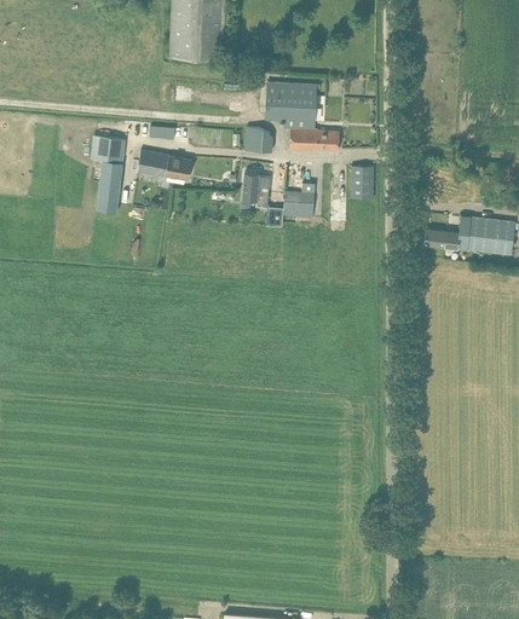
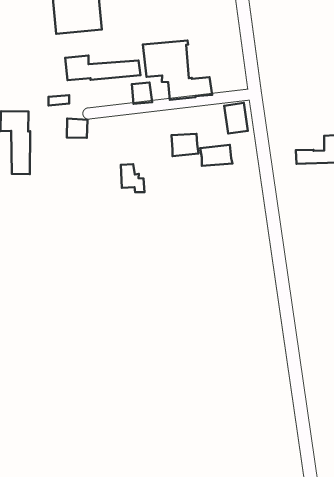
building: none -> [65,56,141,80]
building: [137,150,168,177] -> none
building: [242,173,269,208] -> [121,164,145,192]
building: none -> [200,145,233,166]

